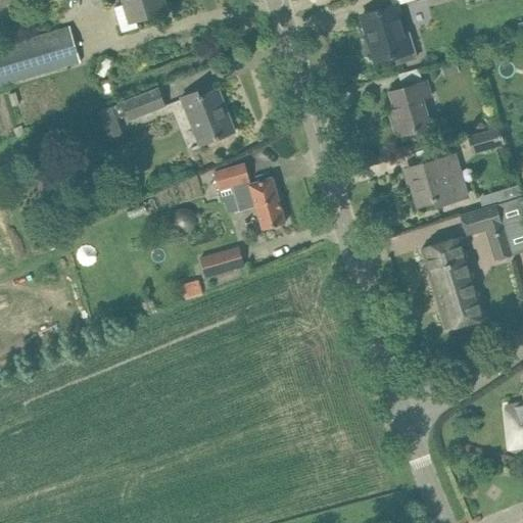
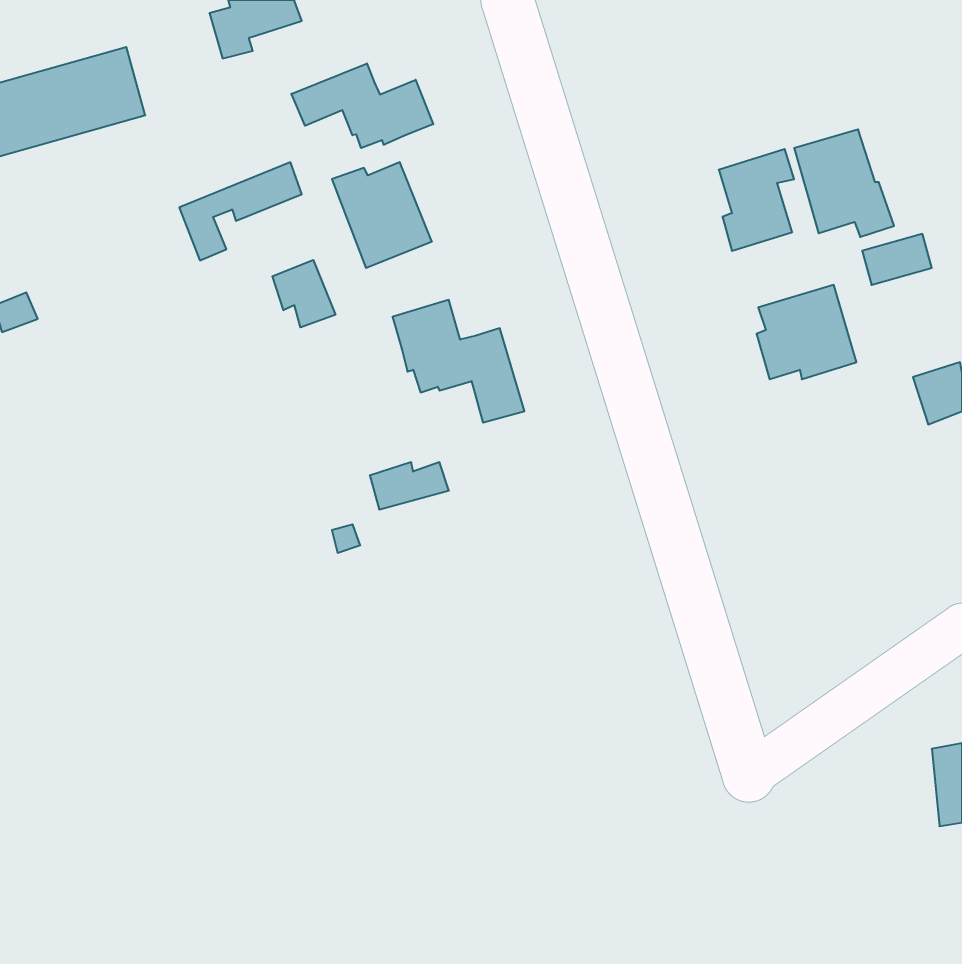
building: [361,5,415,63] -> [794,129,894,237]
building: none -> [291,63,433,148]
building: none -> [272,260,335,327]
building: [459,204,510,259] -> none
building: [421,236,484,328] -> none

